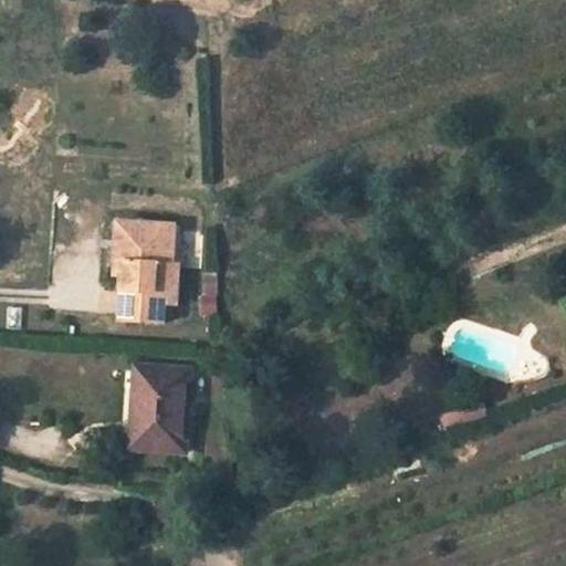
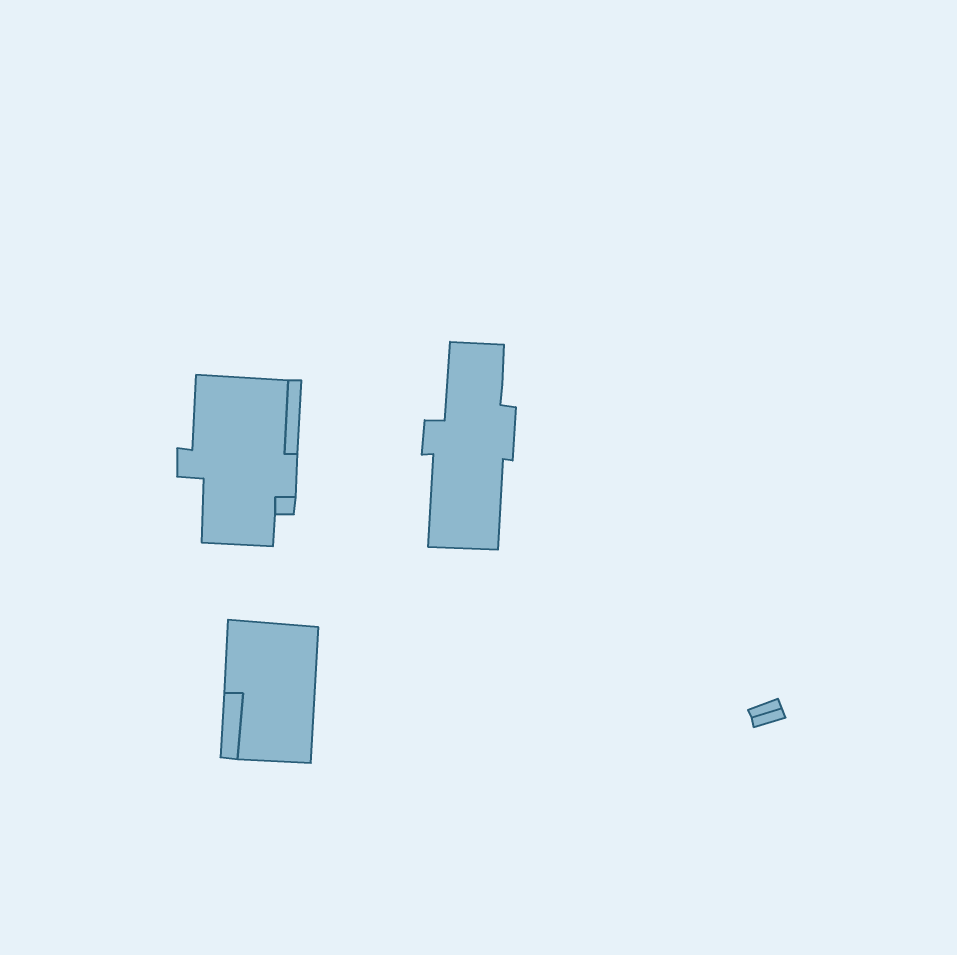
building: none -> [422,342,516,550]

